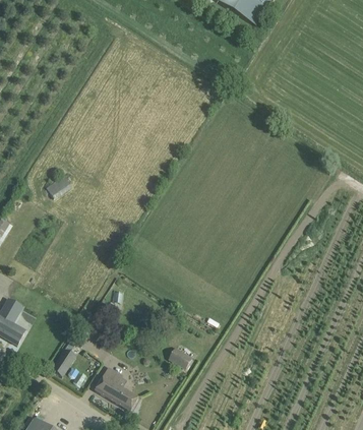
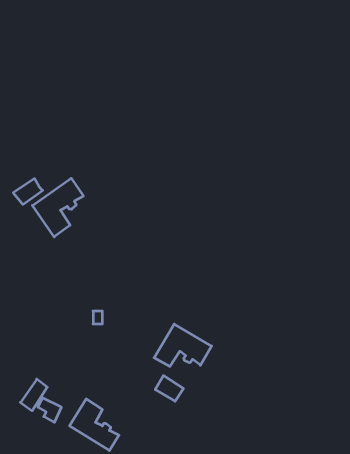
building: none -> [32,178,83,237]
building: none -> [154,324,212,366]

